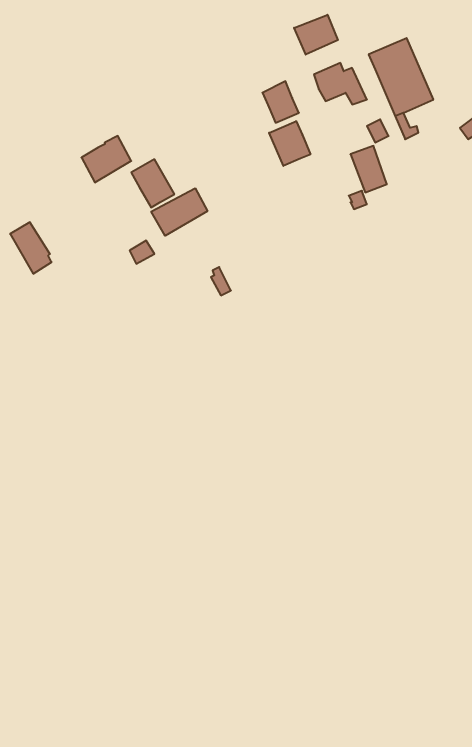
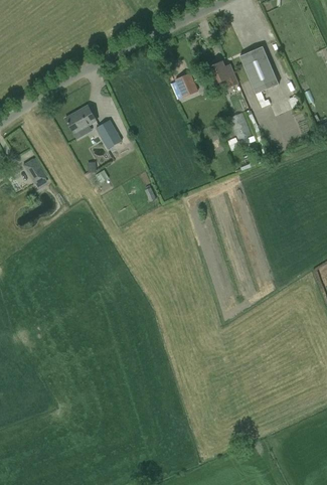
building: [294,15,338,55] -> none
building: [269,121,310,166] -> none
building: [151,188,207,236] -> none

